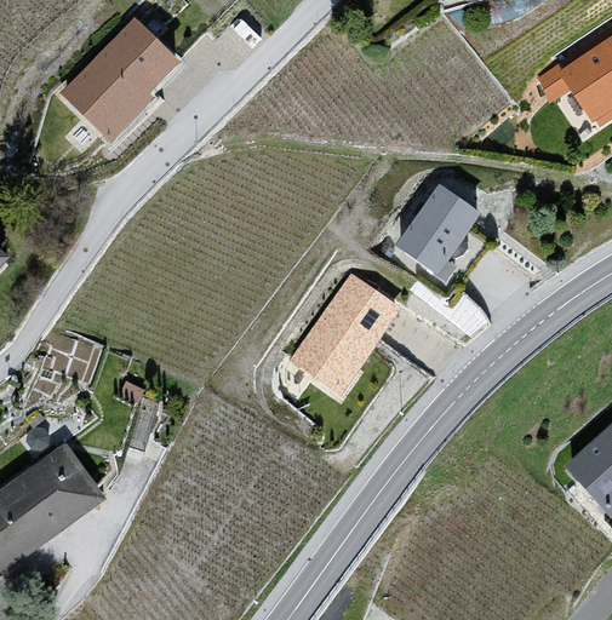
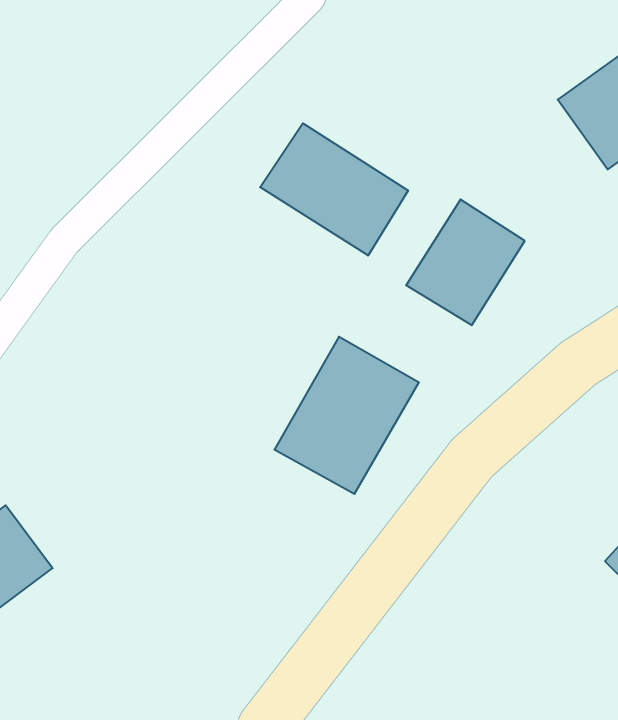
building: [76,12,196,137] -> none
building: none -> [260,123,408,256]

